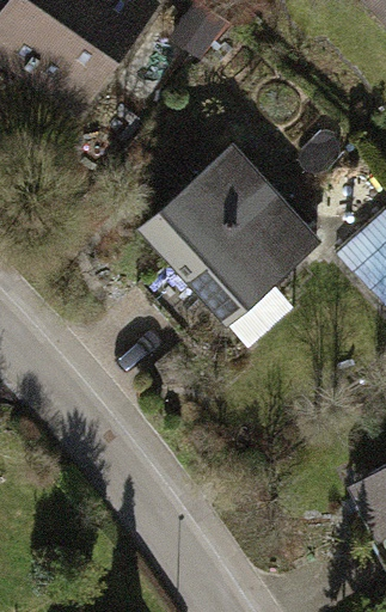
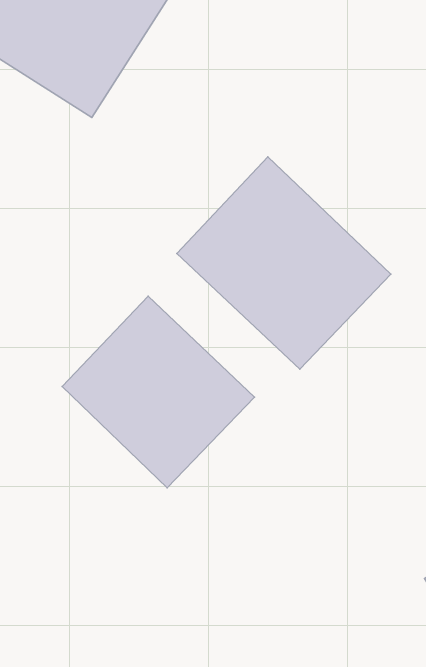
building: none -> [62,296,254,488]

